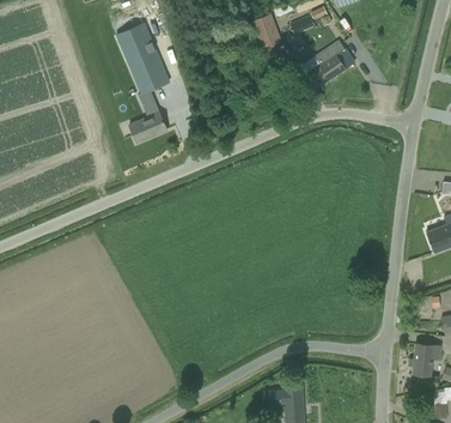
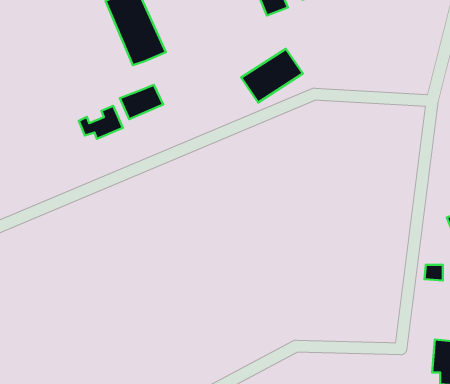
building: [298,41,354,90] -> [241,49,303,102]
building: none -> [79,106,123,139]

